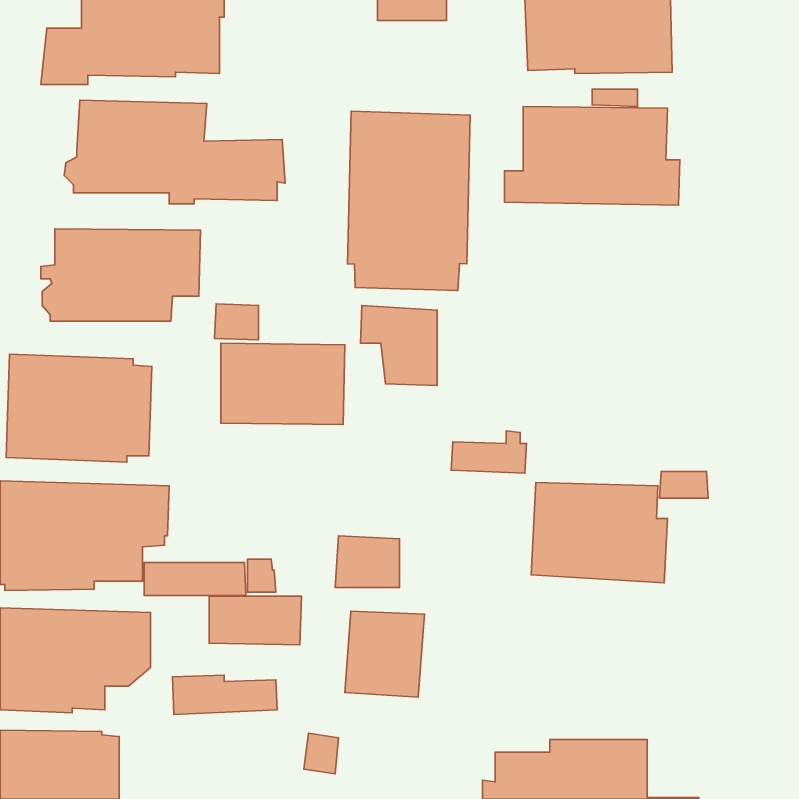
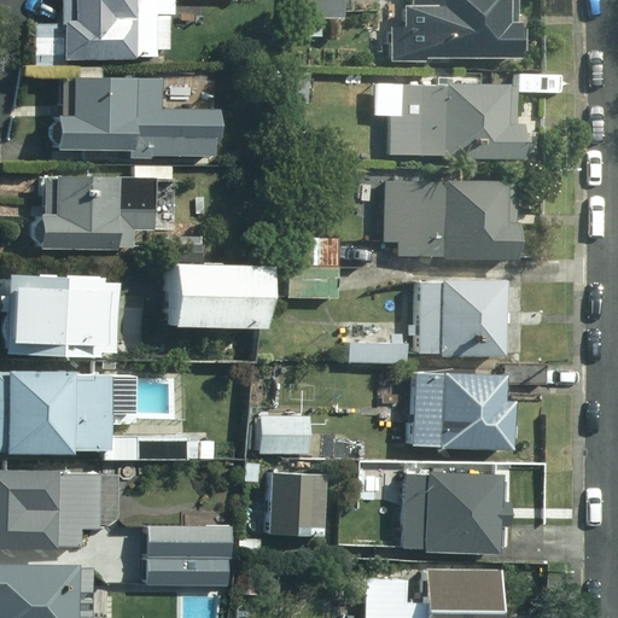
building: [347,111,470,290] -> none
building: none -> [383,177,520,258]
building: none -> [418,279,507,357]
building: [209,596,302,645] -> [139,555,210,593]
building: none -> [401,471,509,555]

